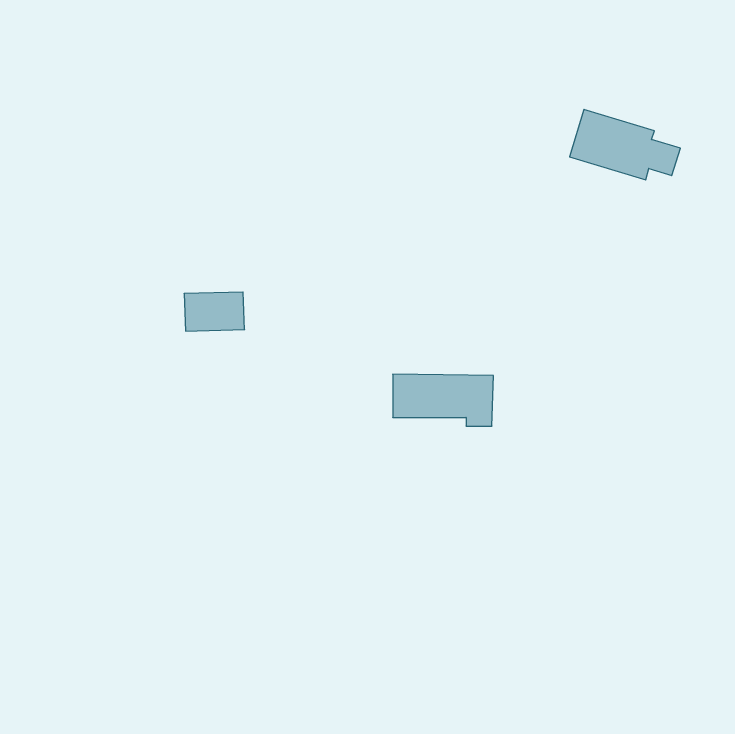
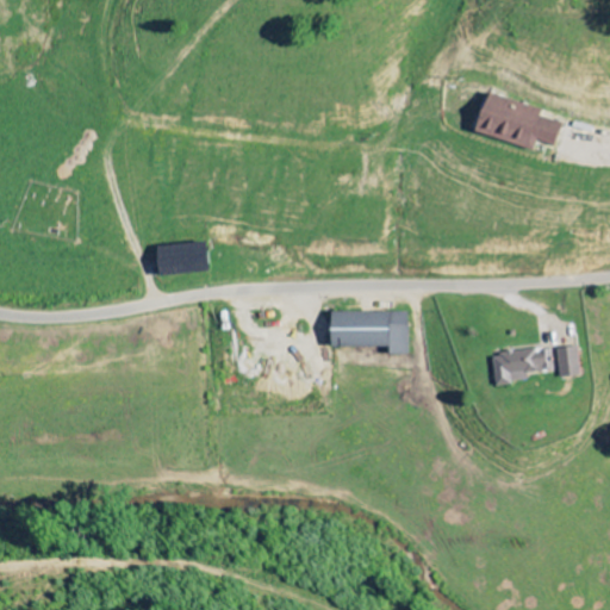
building: none -> [558,344,581,376]
building: none -> [493,347,554,384]

